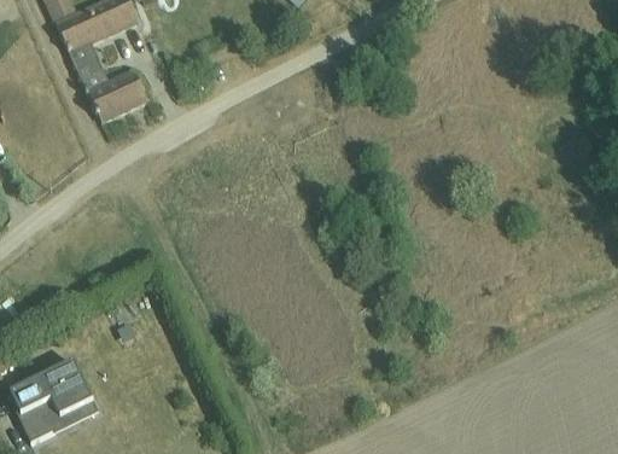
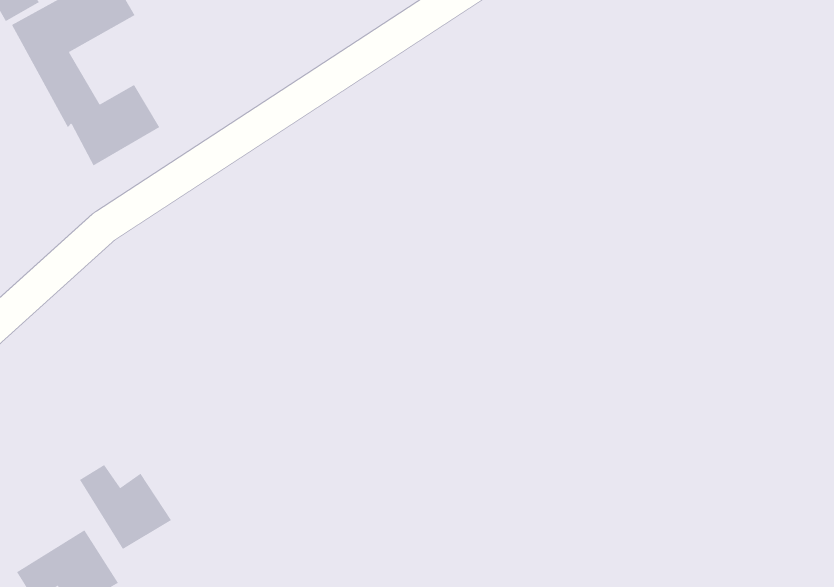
building: none -> [79,464,172,550]

